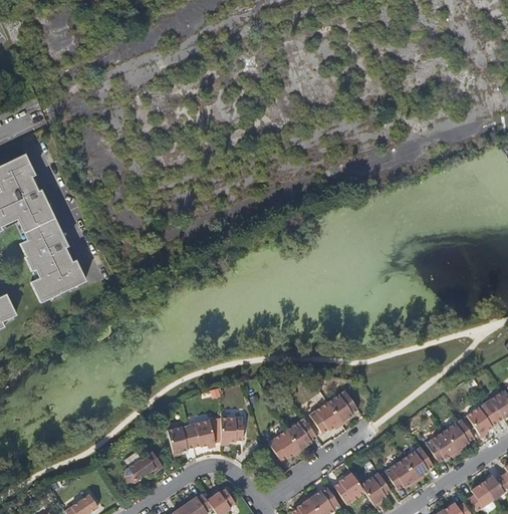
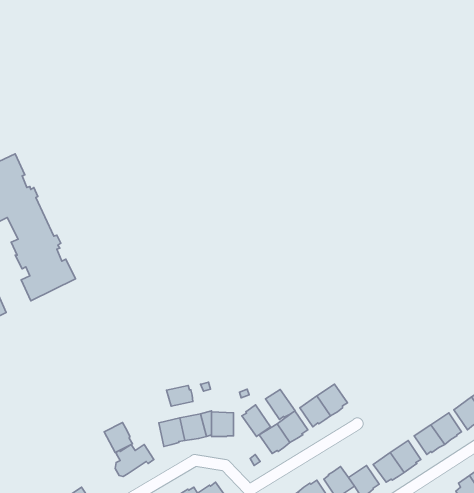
building: none -> [167,386,193,406]
building: none -> [265,389,295,420]
building: none -> [242,405,271,437]
building: none -> [104,423,132,453]

